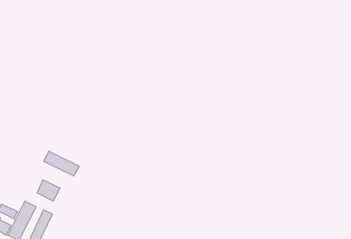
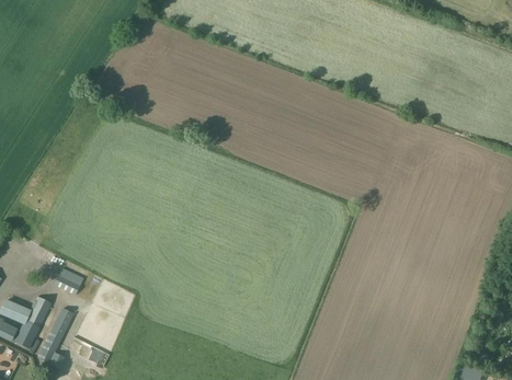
building: [44,151,79,176] -> none

